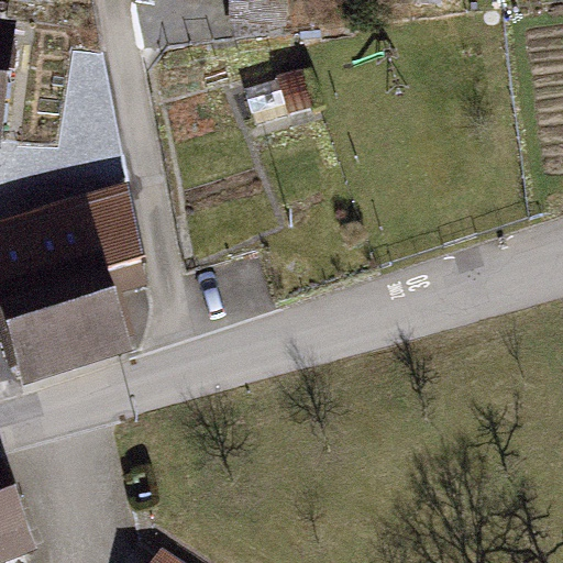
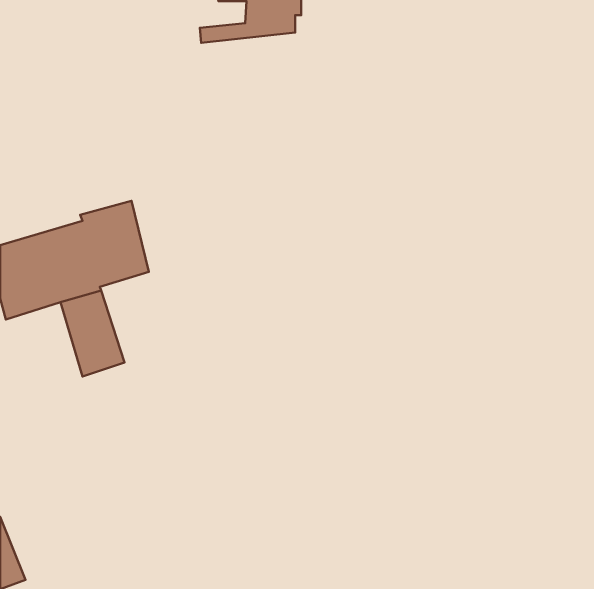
building: [5,286,78,372] -> none

